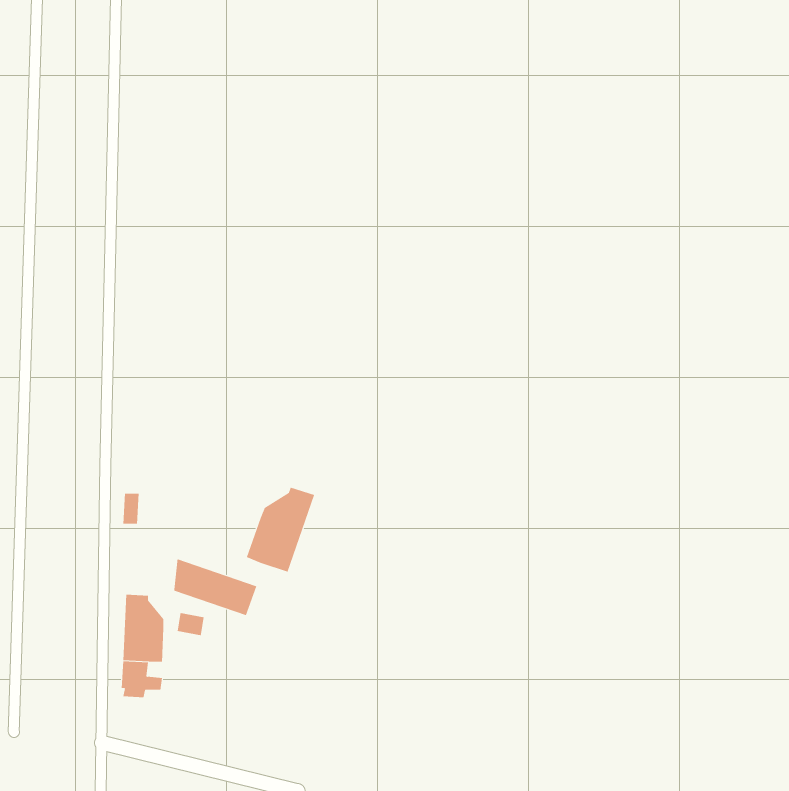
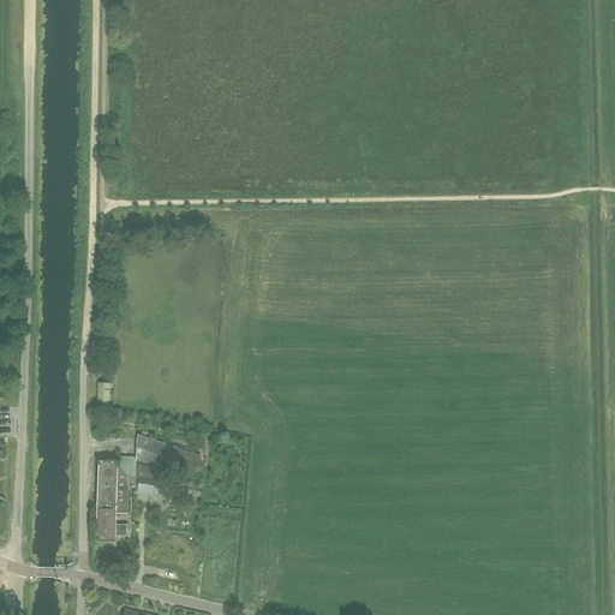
building: [246,487,315,572] -> none

